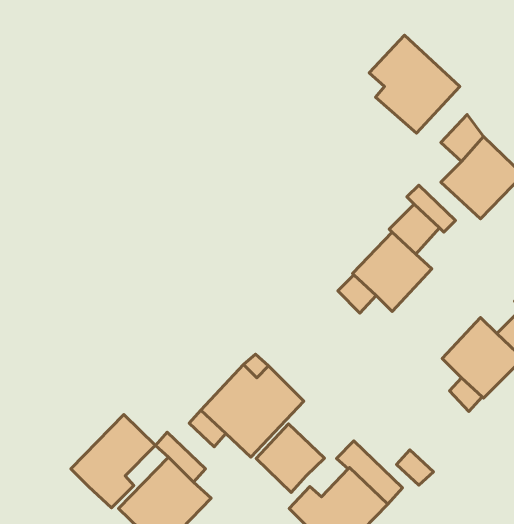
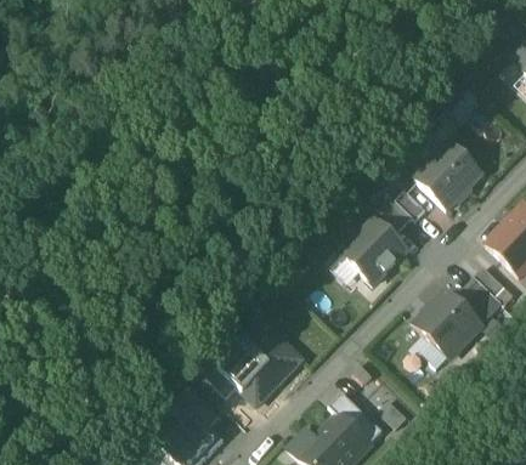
building: [369,35,460,133] -> none
building: [71,414,155,508] -> none
building: [256,424,325,492] -> none

